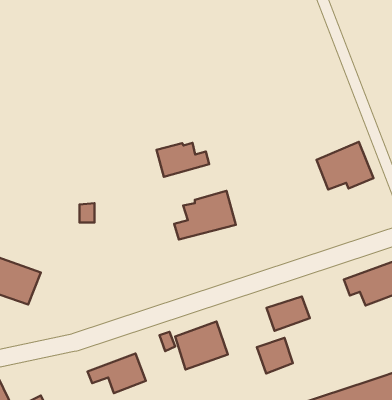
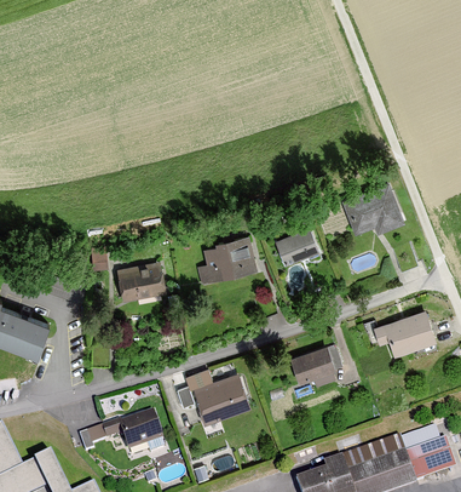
building: [157,143,209,177] -> none
building: none -> [275,227,319,264]
building: none -> [115,262,168,304]
building: [257,338,293,374] -> none

